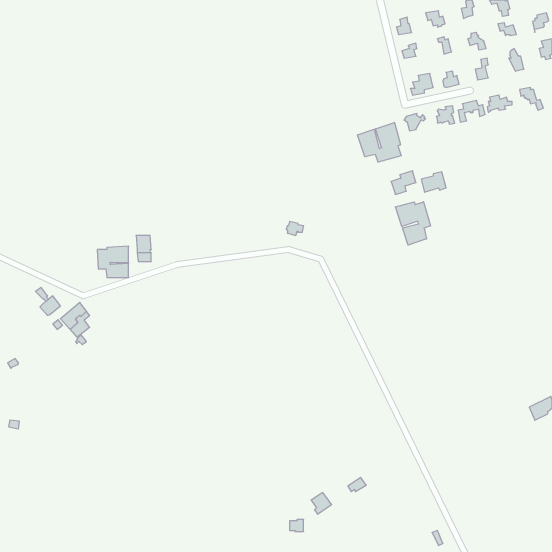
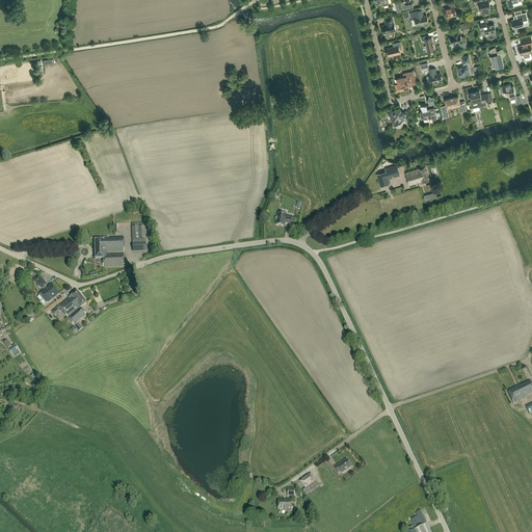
building: [358,122,401,162] -> none
building: [395,202,431,245] -> none

